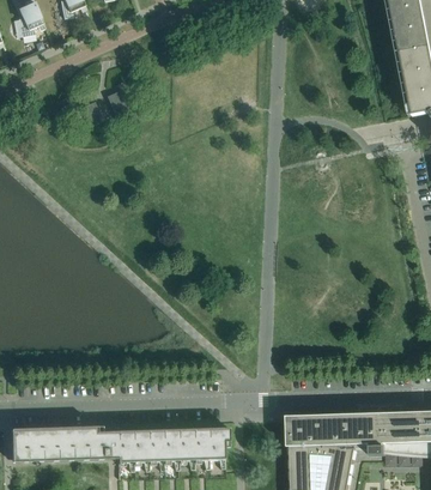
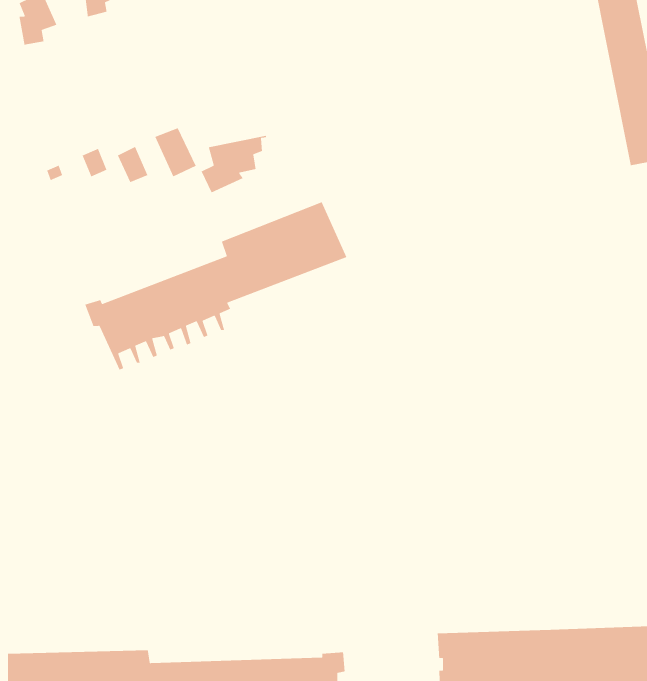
building: none -> [201,135,267,194]
building: none -> [84,201,348,371]

